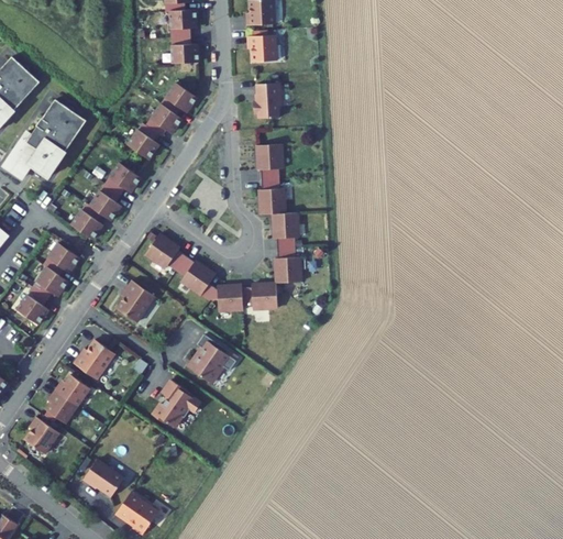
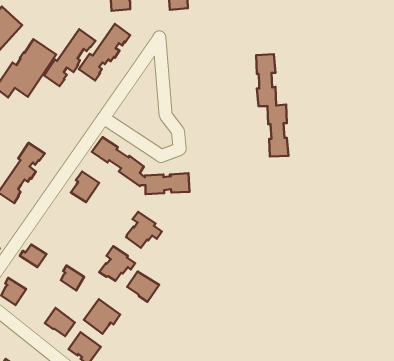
building: [253,81,280,117] -> none
building: [257,143,301,282] -> [256,54,289,157]
building: [73,160,142,237] -> [44,29,95,86]
building: [70,343,111,384] -> none
building: [40,394,71,428] -> [61,265,84,291]
building: none -> [127,272,159,302]
building: none -> [84,299,120,334]

